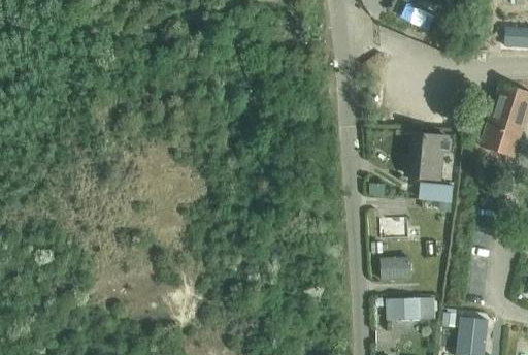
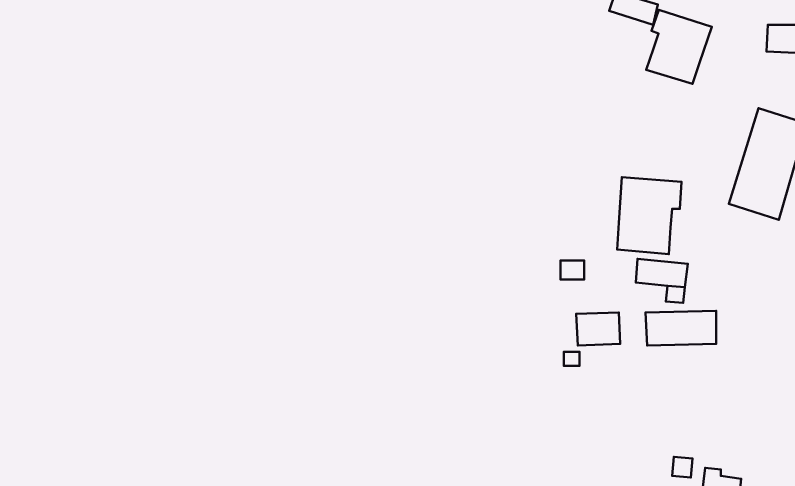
building: none -> [646,10,712,84]
building: [380,257,411,281] -> none
building: [387,298,433,321] -> [646,311,716,345]

